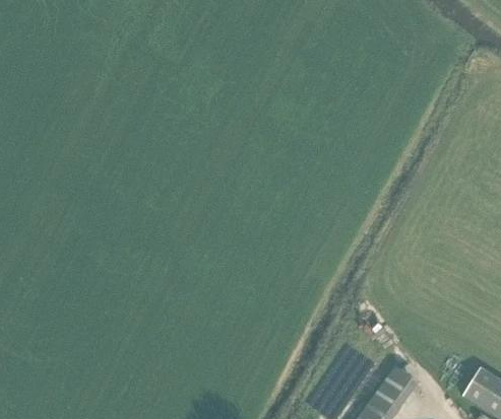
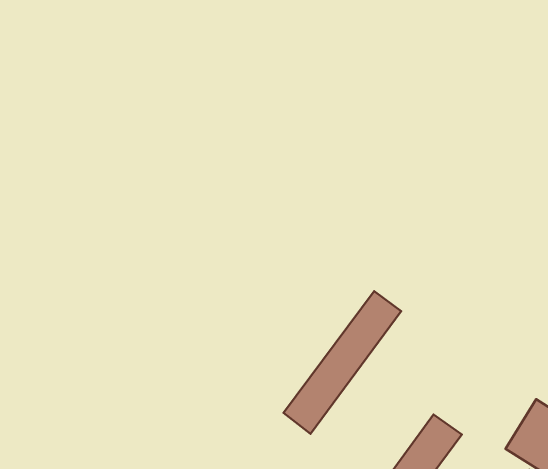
building: none -> [283,291,401,434]

